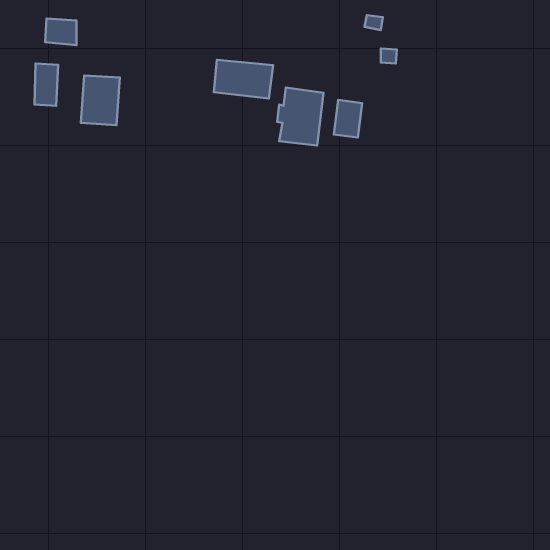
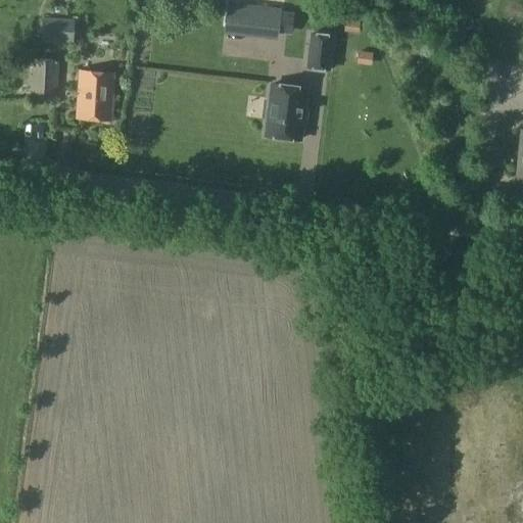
building: [214,60,273,99] -> [225,4,281,41]
building: [334,100,362,138] -> [307,33,334,68]

